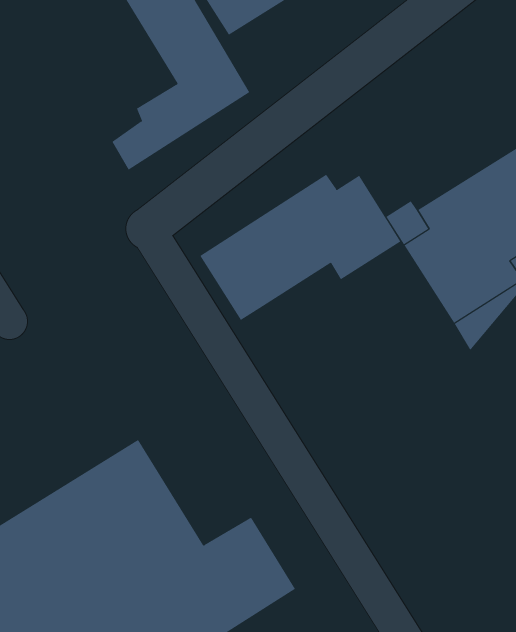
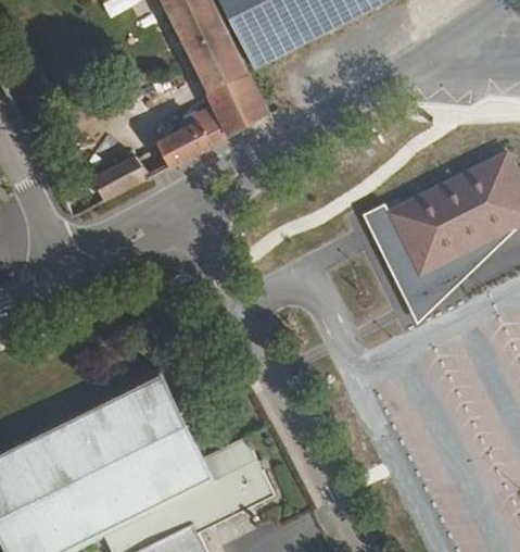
building: none -> [92,156,151,201]
building: [199,174,401,321] -> none

